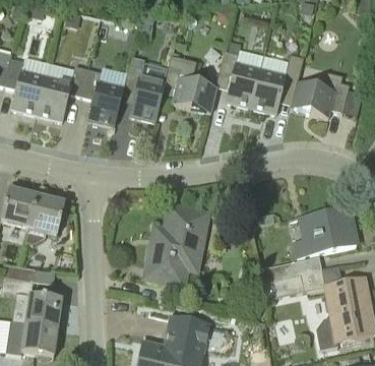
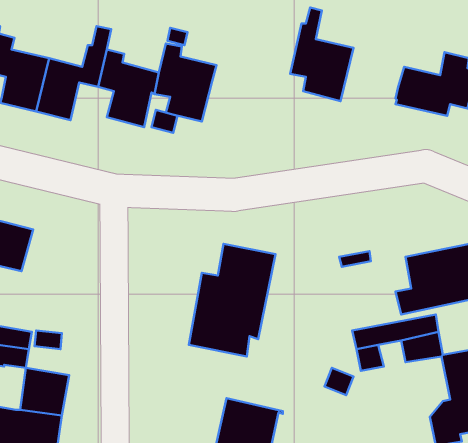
building: [163,50,226,113] -> none
building: [253,53,304,111] -> none
building: [25,196,65,243] -> none

